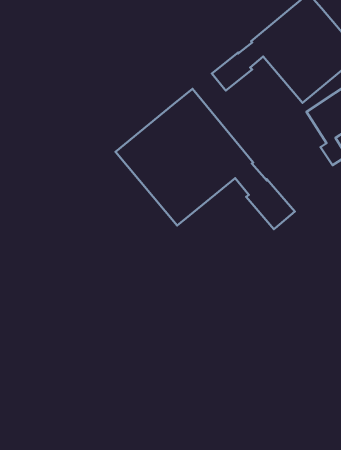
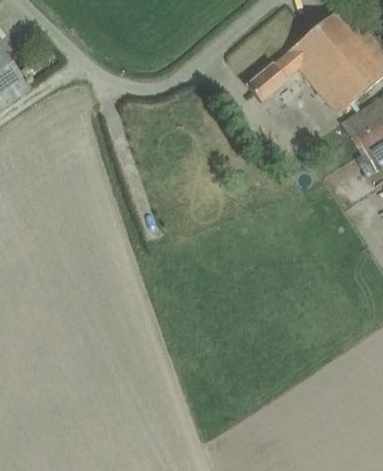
building: [115,89,295,229] -> none

